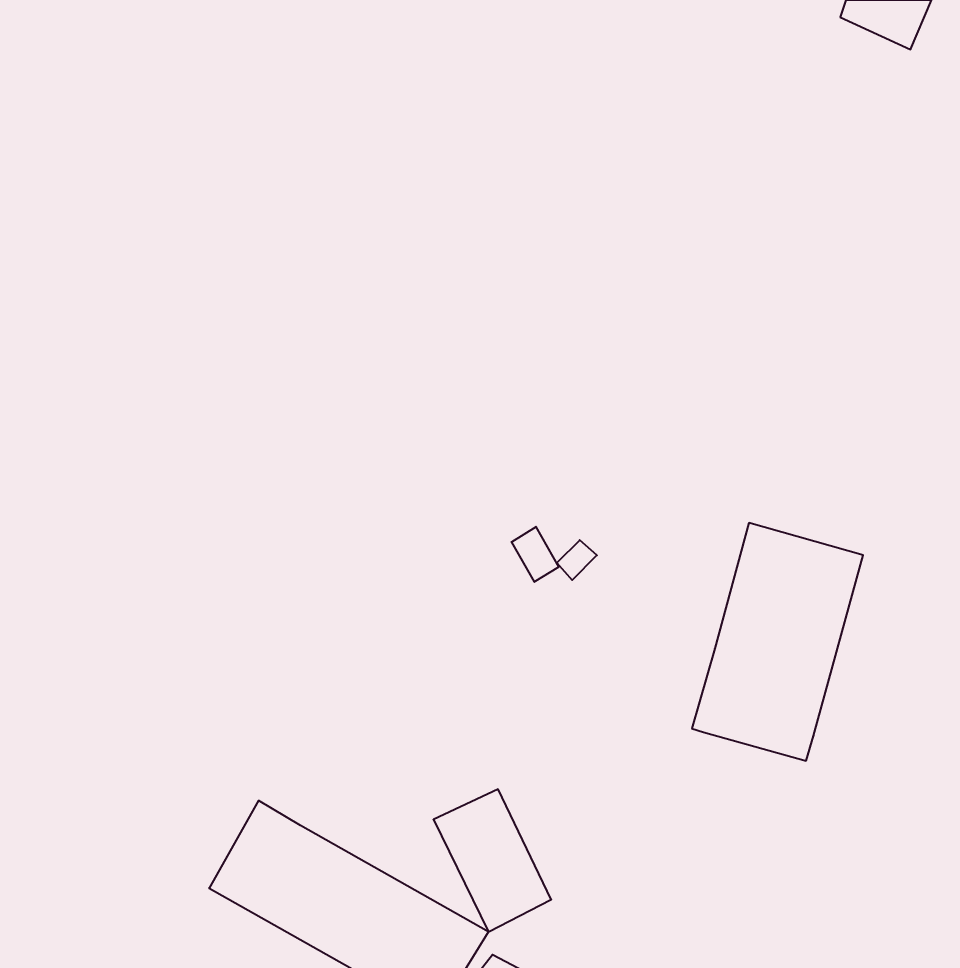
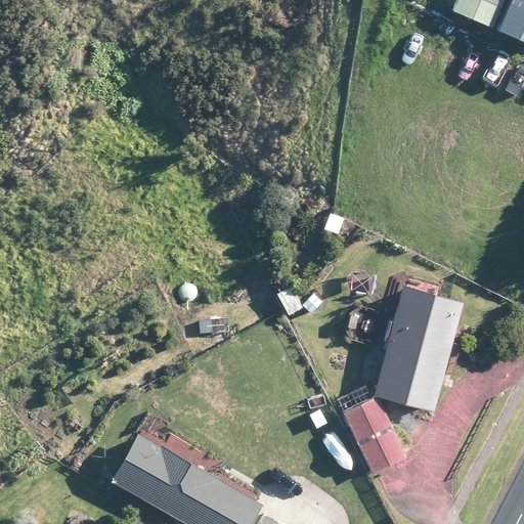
building: [433,789,551,932] -> [343,396,406,473]

